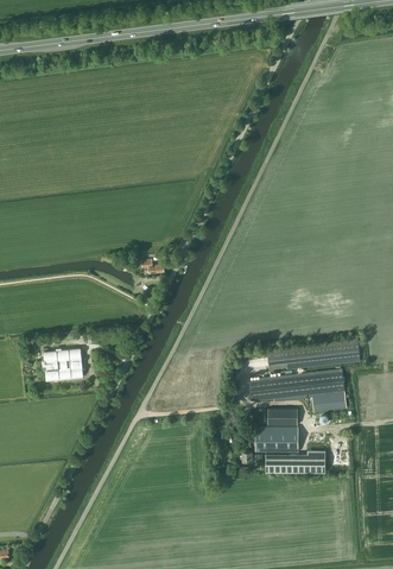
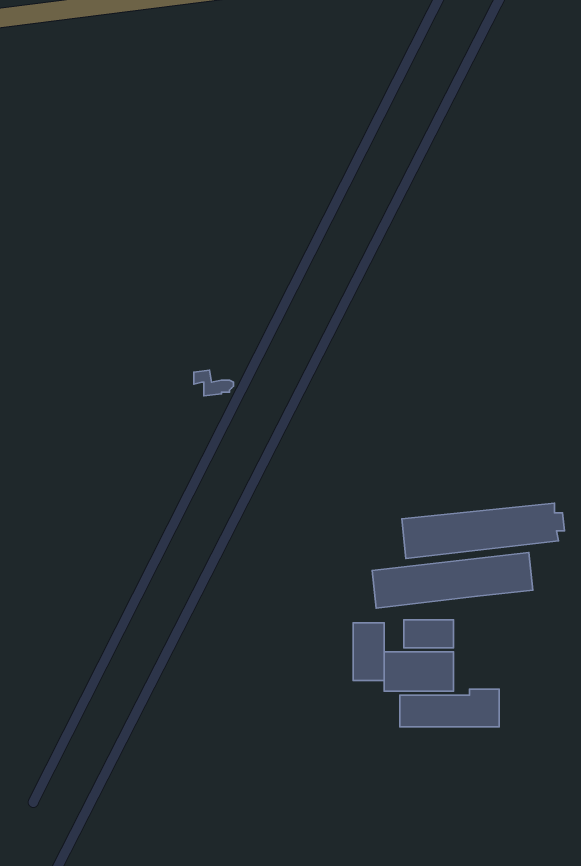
building: [42,347,82,379] -> none
building: [312,390,347,411] -> none
building: none -> [353,623,384,681]

